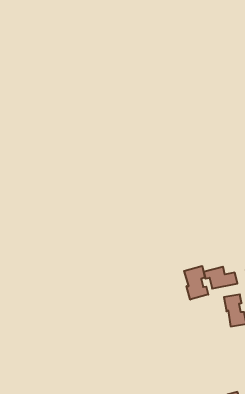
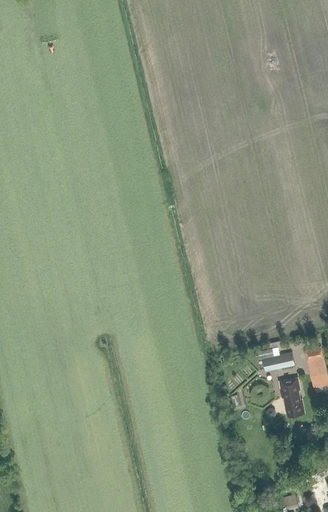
building: [184,266,208,300] -> none

